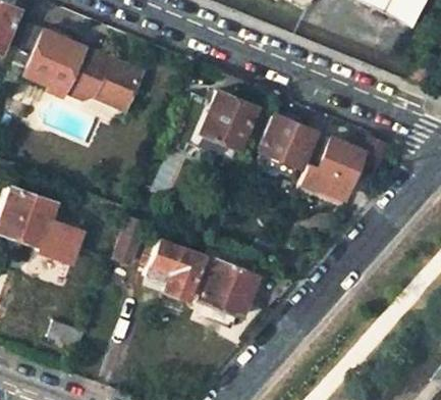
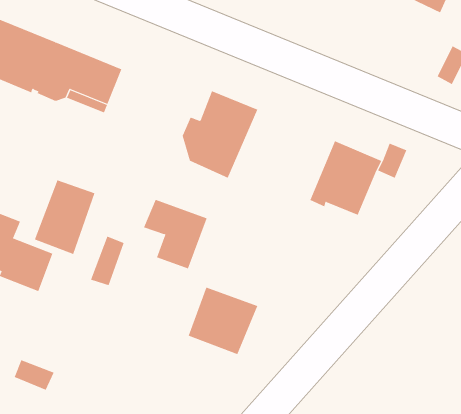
building: [258,114,317,180] -> none
building: none -> [34,179,95,255]
building: [150,240,205,300] -> [143,199,208,269]

